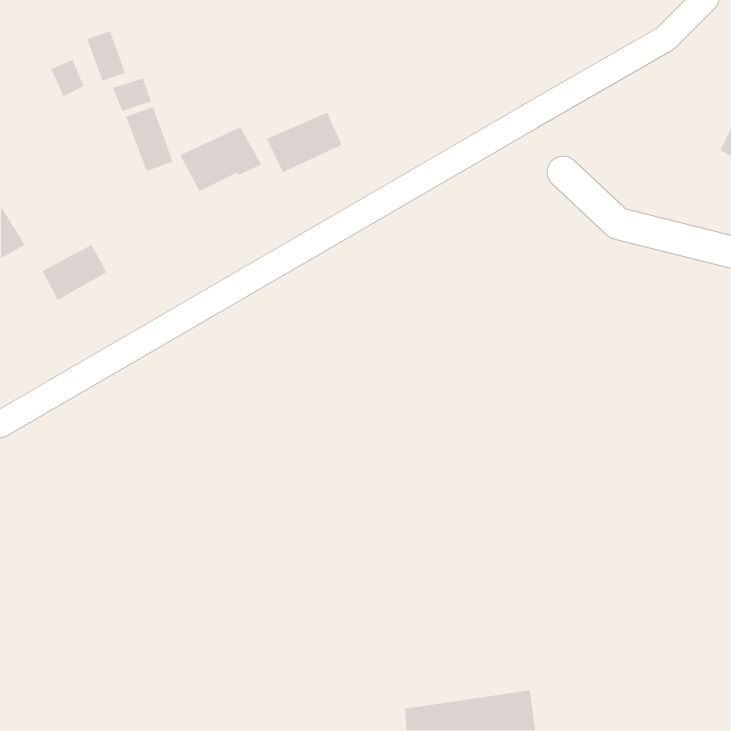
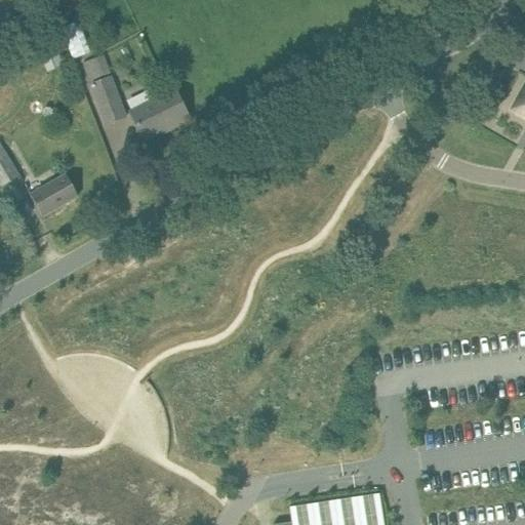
building: [266,112,343,173] -> none

